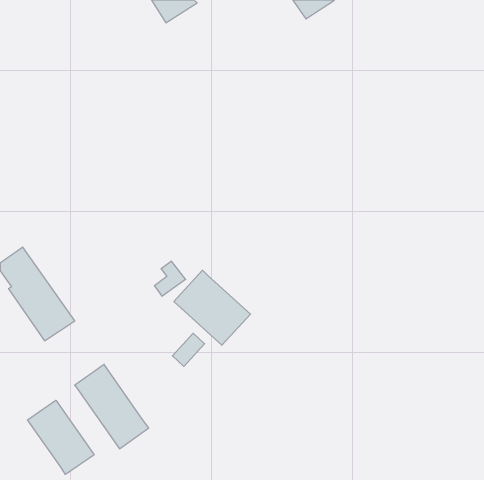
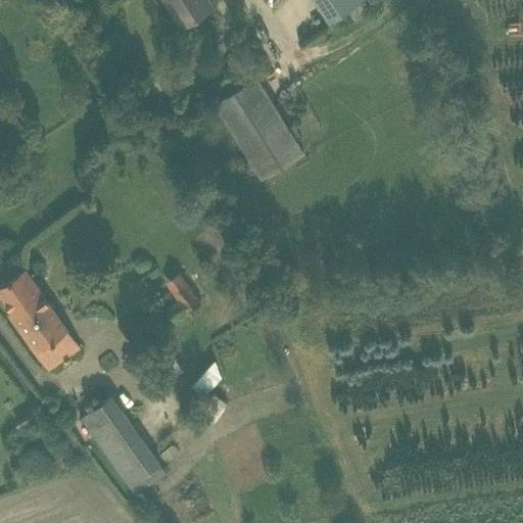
building: none -> [215,79,303,181]
building: [174,270,251,345] -> none
building: [27,400,94,474] -> none

